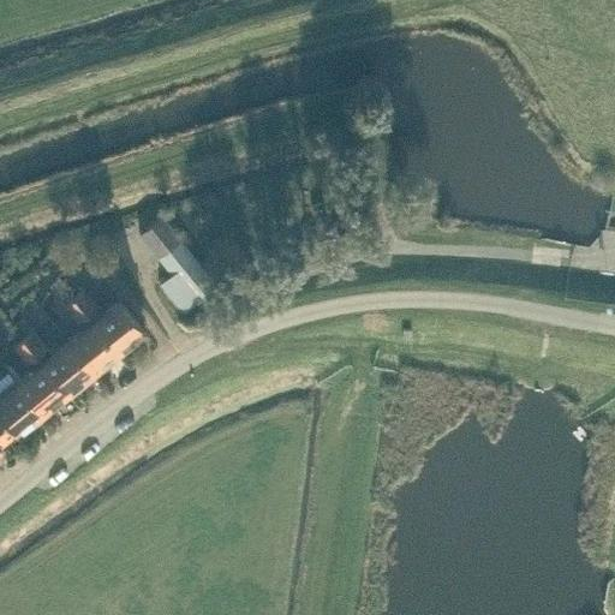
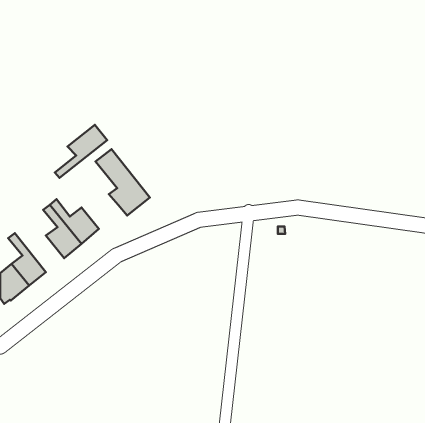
building: none -> [55,125,107,178]
building: [22,332,92,396] -> none

